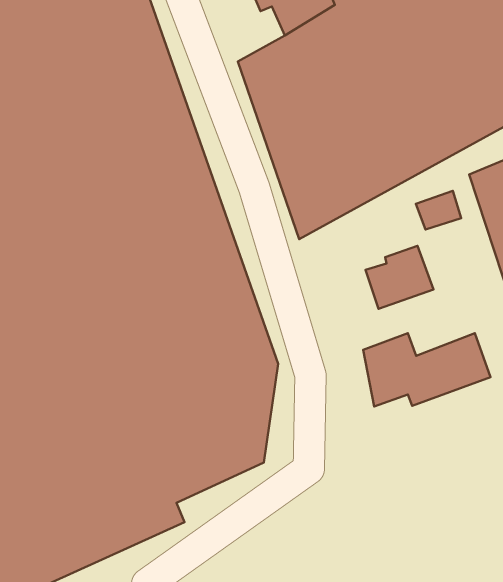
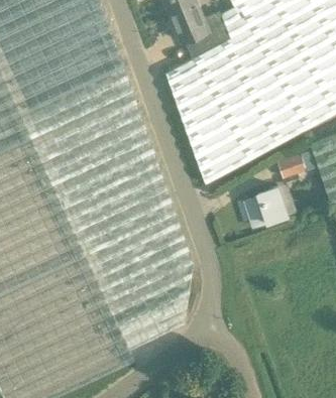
building: [363,333,490,407] -> none

